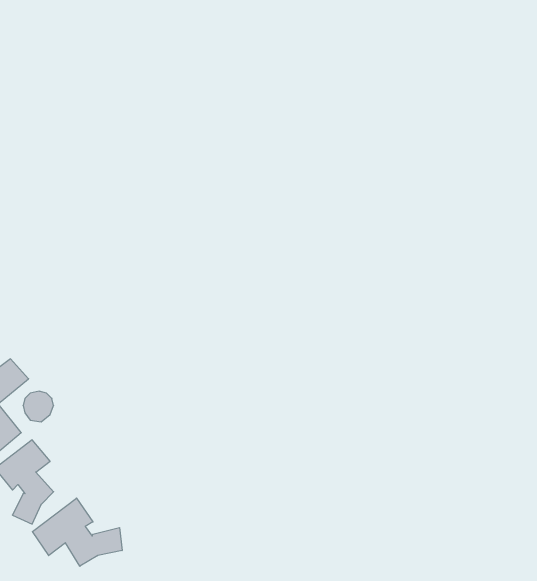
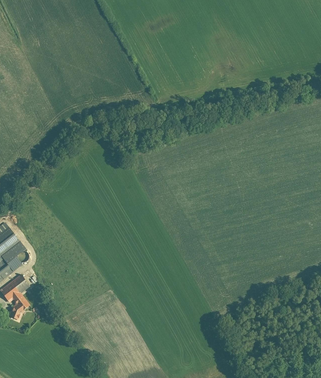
building: [32,498,122,566] -> none

